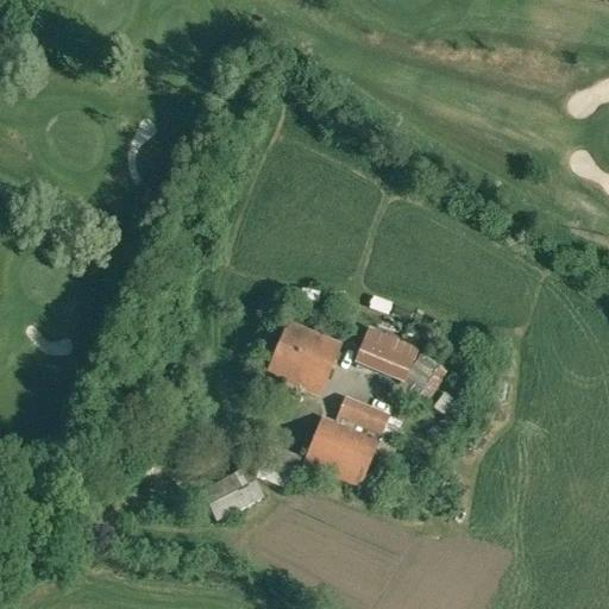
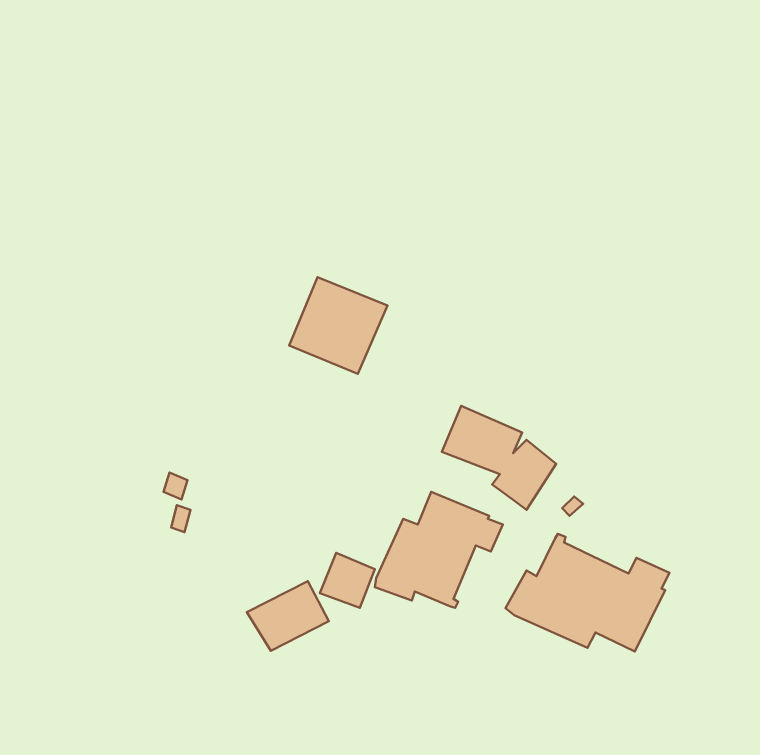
building: [265,319,344,396] -> [289,277,387,374]
building: none -> [505,534,669,651]

